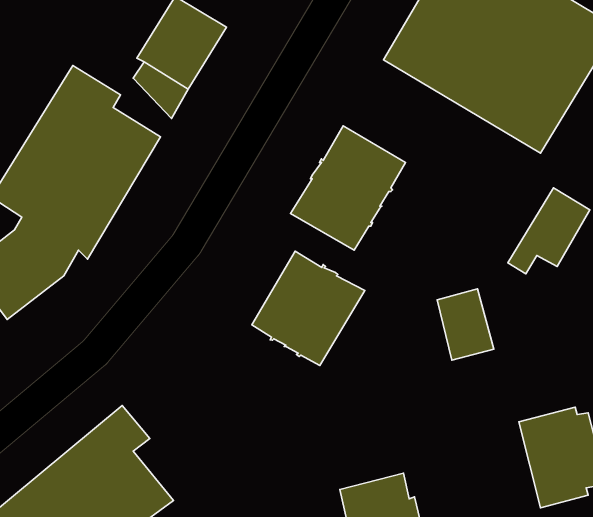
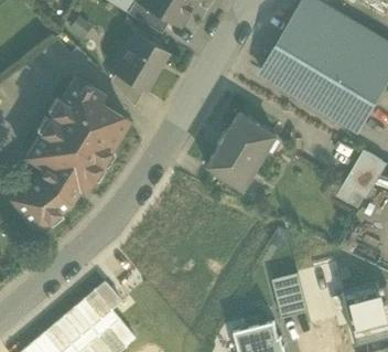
building: [252,251,365,366] -> none
building: [437,289,494,360] -> [272,275,306,318]

